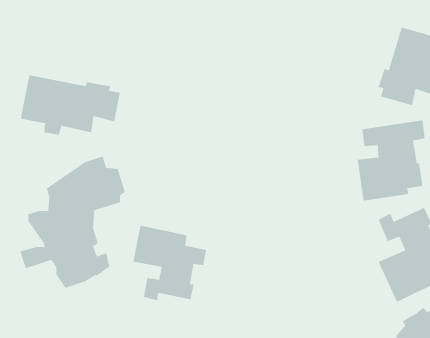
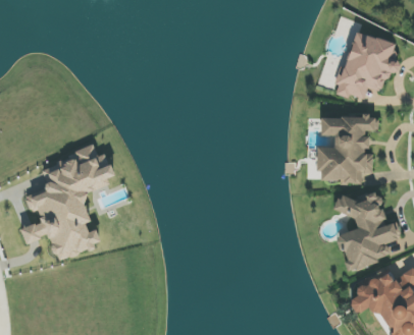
building: [20,75,120,136] -> none
building: [133,225,207,301] -> none

